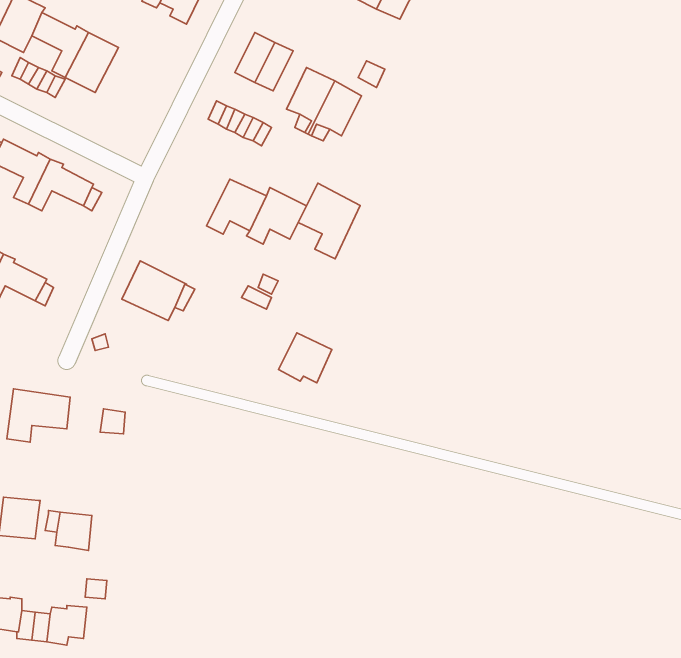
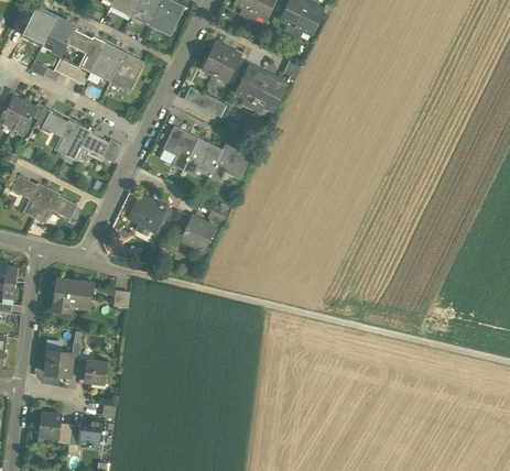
building: none -> [109,52,143,91]
building: none -> [162,127,198,169]
building: [298,183,360,259] -> none
building: [279,333,332,383] -> [178,215,214,248]

